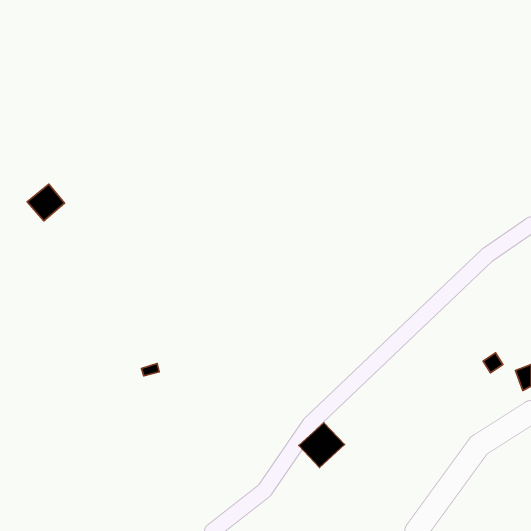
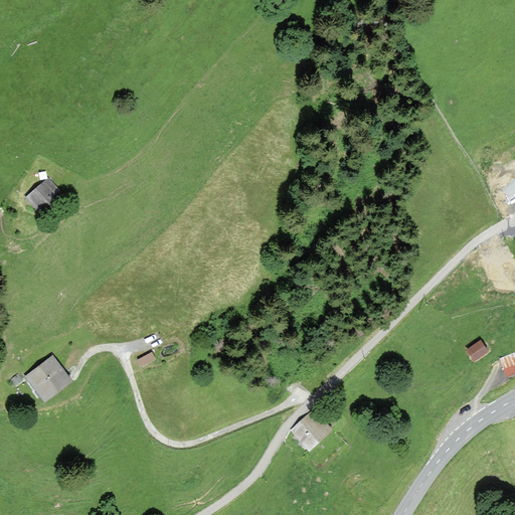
building: none -> [26,356,69,399]

